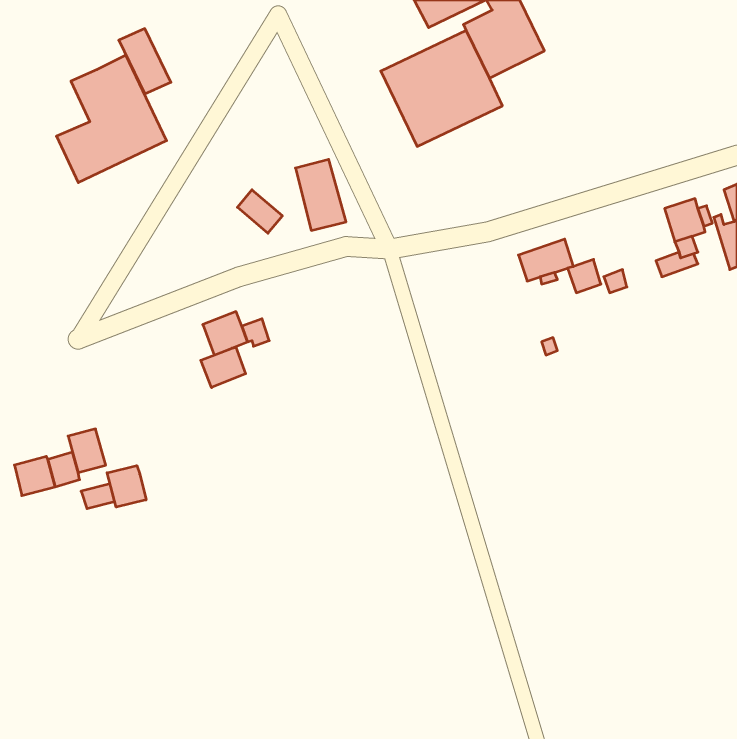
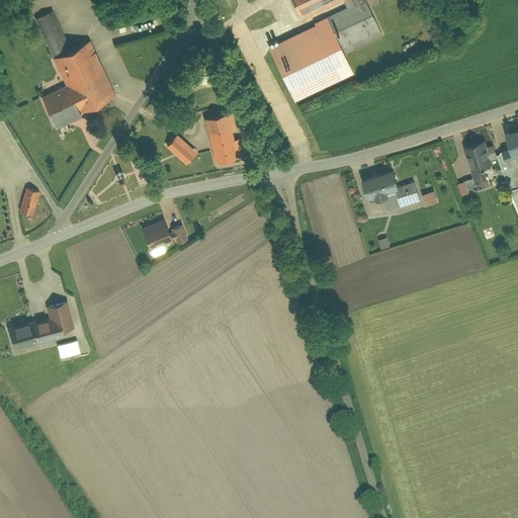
building: [119,29,171,94] -> [31,12,68,58]
building: none -> [19,185,40,213]
building: [201,347,246,388] -> none
building: [107,466,146,507] -> none

